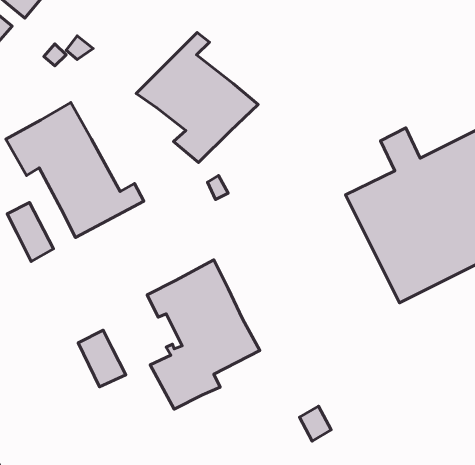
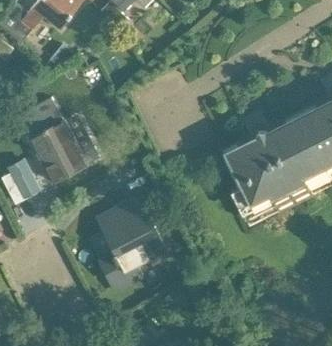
building: [136,33,258,162] -> none
building: [78,330,126,387] -> none

